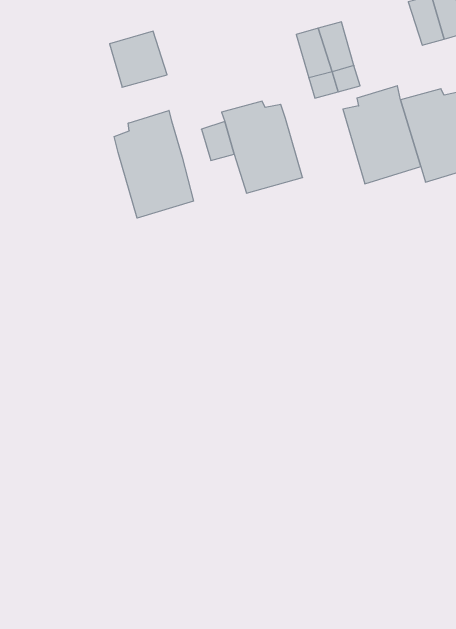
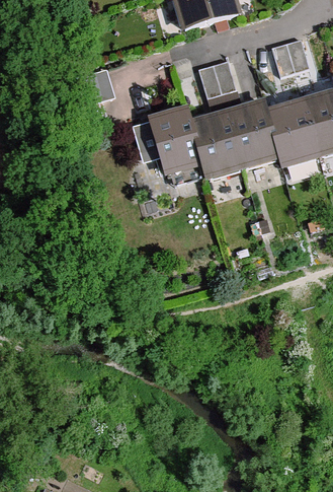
building: none -> [190,114,242,174]
building: [114,110,194,218] -> none

